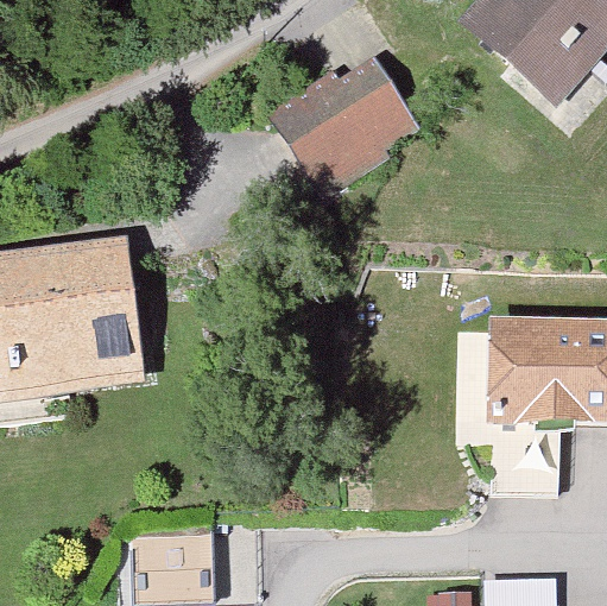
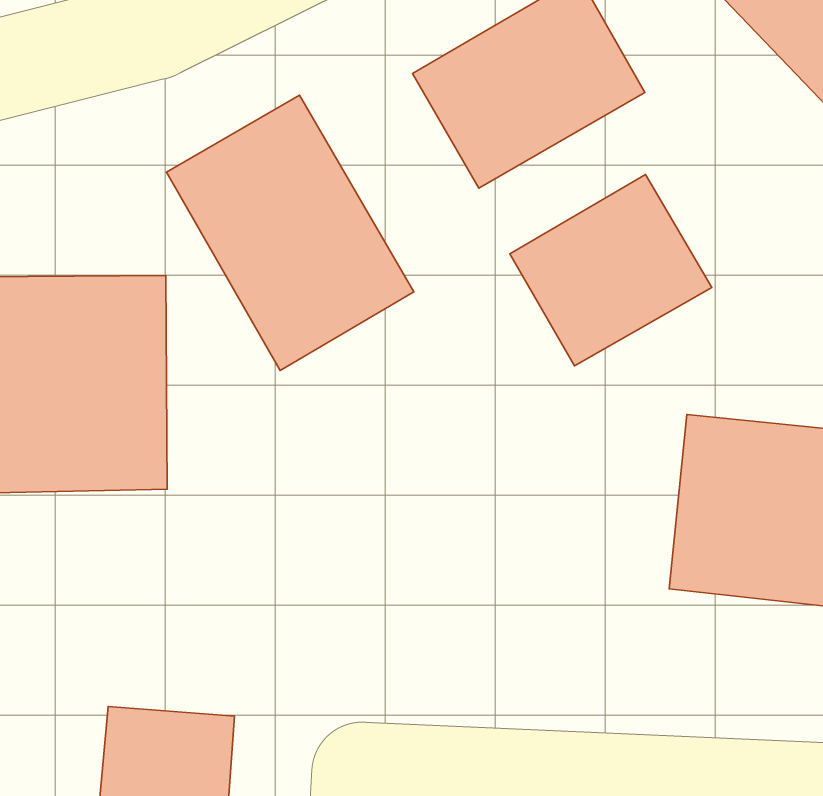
building: none -> [167,95,414,371]
building: none -> [510,174,712,366]

